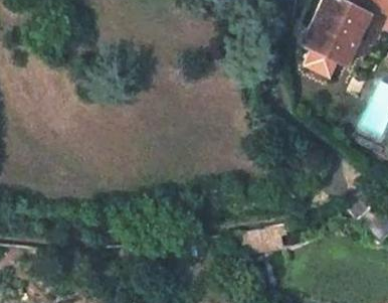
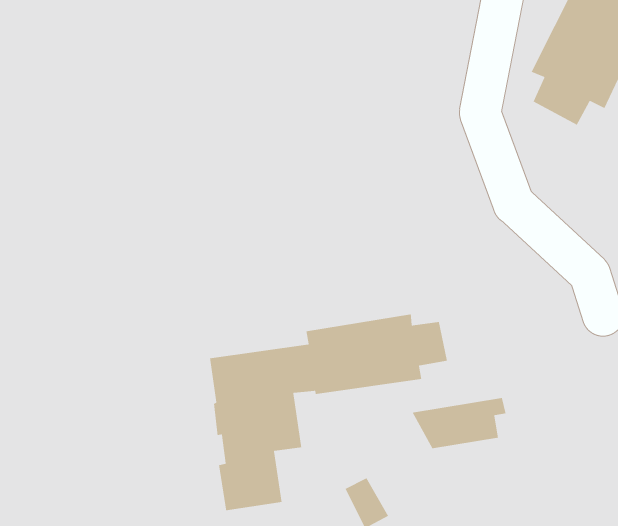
building: none -> [209,313,448,511]

